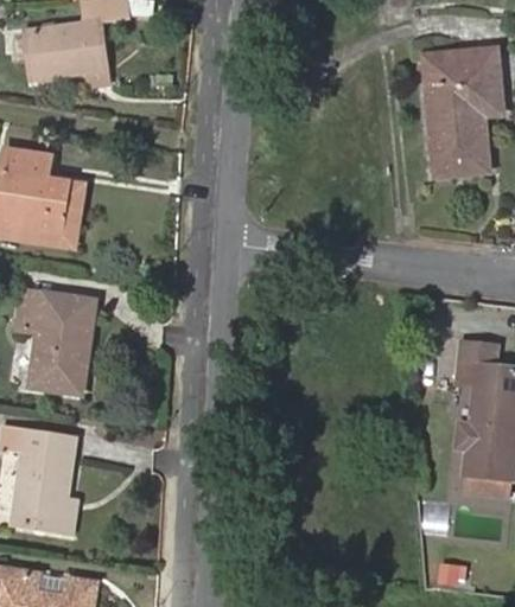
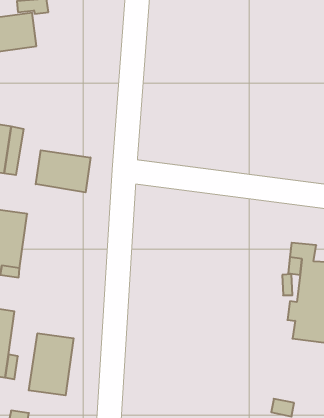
building: [424,50,501,174] -> none
building: none -> [36,150,90,192]
building: none -> [29,333,74,395]

